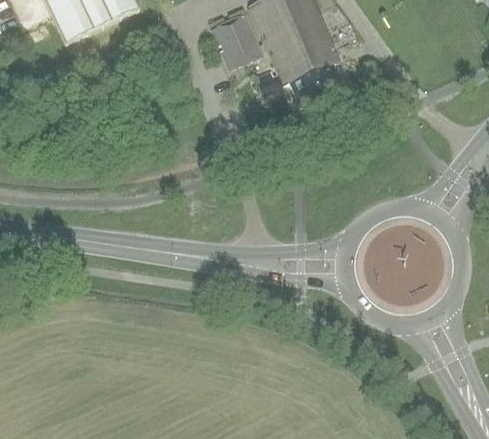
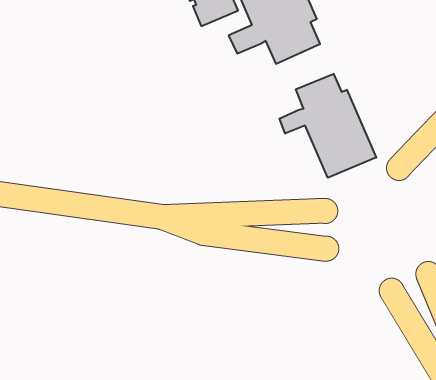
building: none -> [279,74,376,178]

